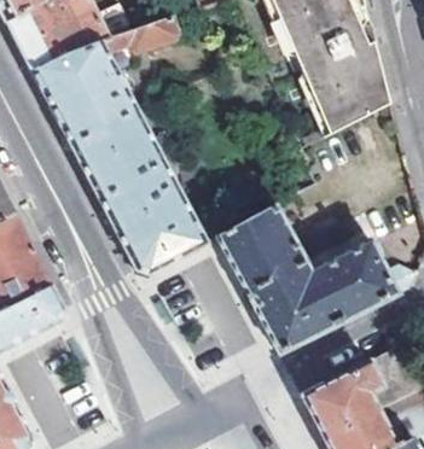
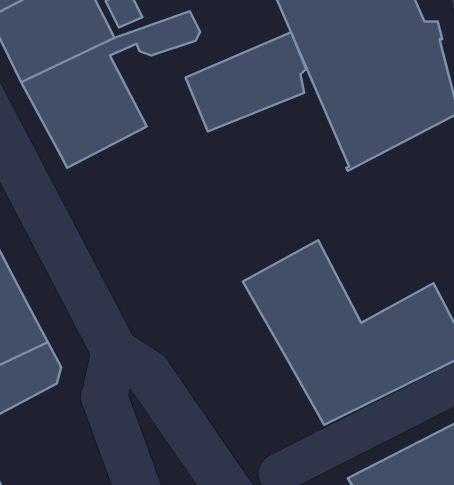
building: none -> [186,32,306,132]
building: [71,110,207,274] -> none

